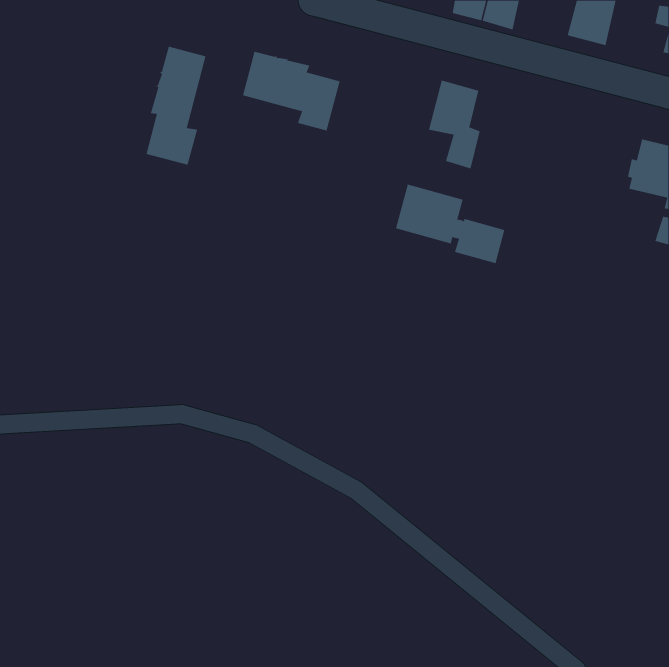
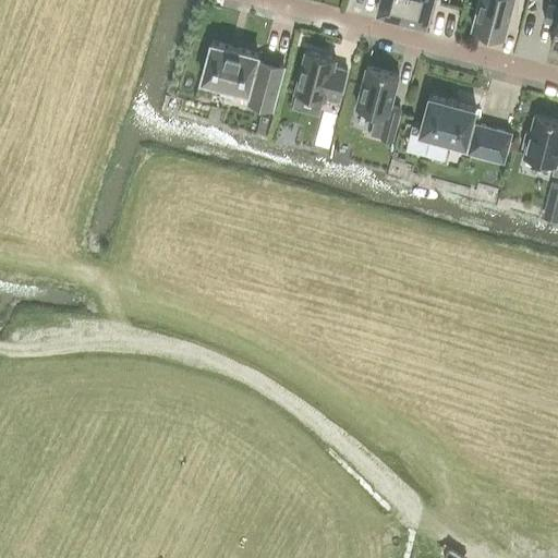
building: [146,46,206,166] -> none
building: none -> [293,52,347,107]
building: [395,184,505,264] -> [418,98,510,165]

